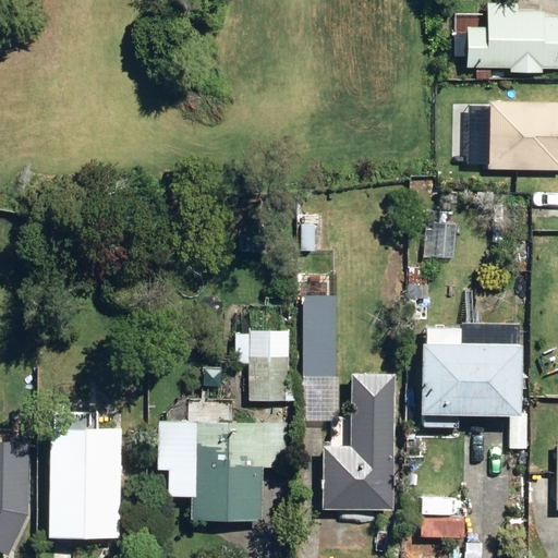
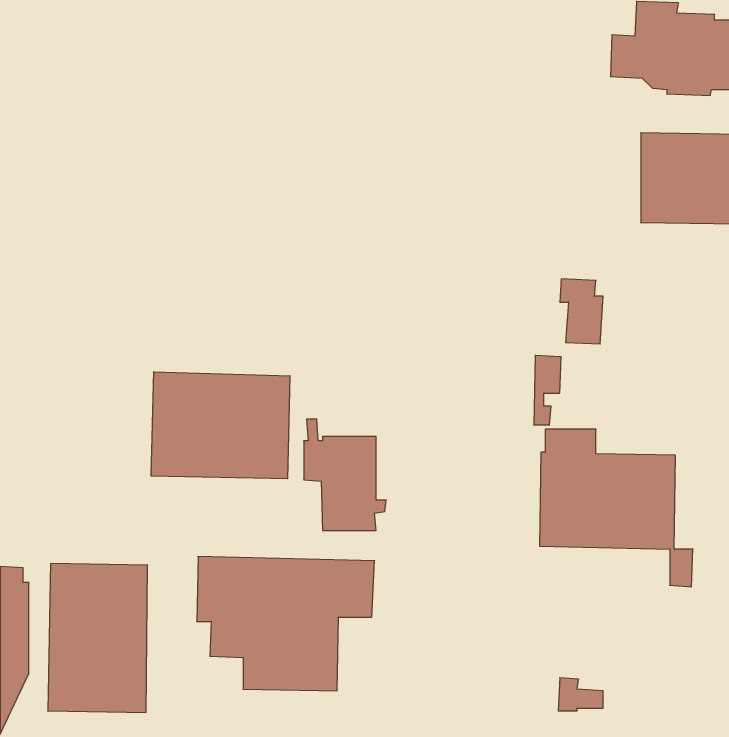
building: [303,281,338,400] -> none
building: none -> [151,372,290,479]
building: [320,373,396,511] -> none

